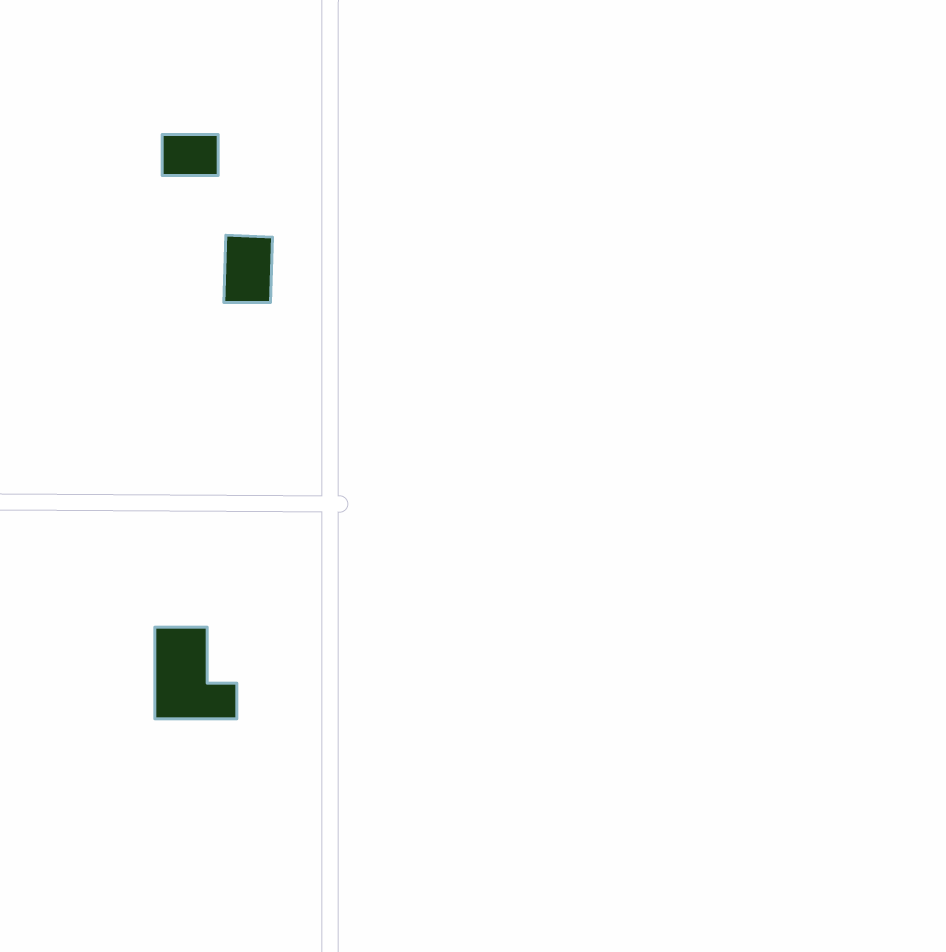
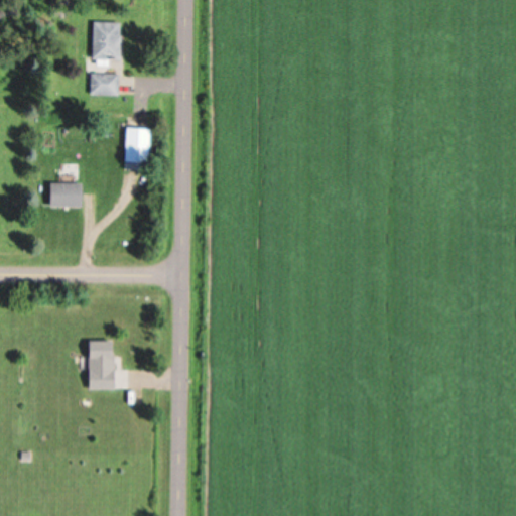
building: none -> [93,22,121,70]
building: none -> [48,183,82,207]

